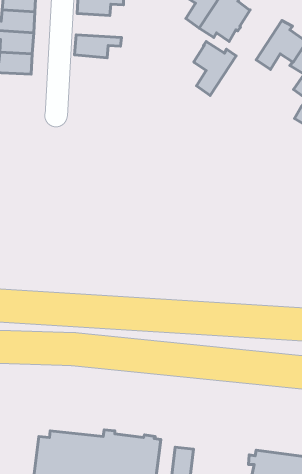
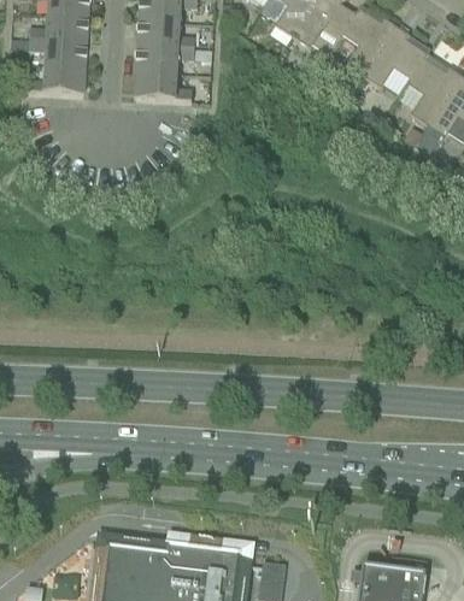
building: none -> [140,19,196,49]
building: [194,42,236,95] -> [345,10,398,77]
building: none -> [136,71,194,102]

